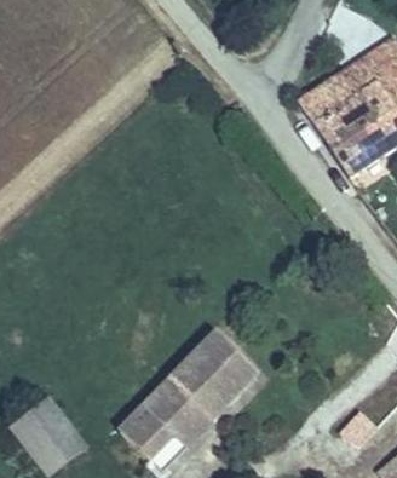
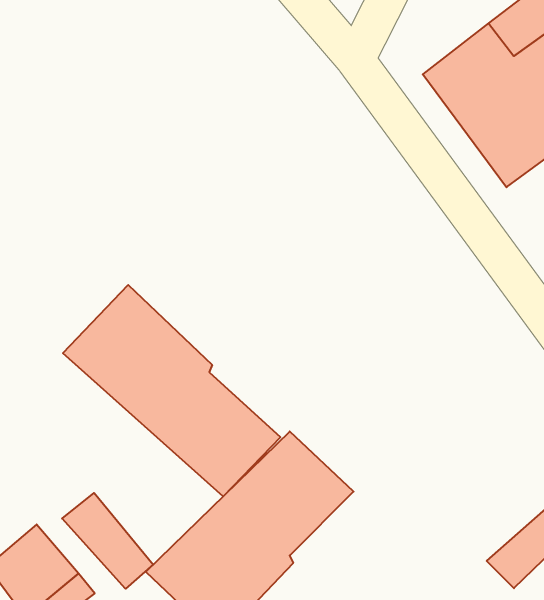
building: none -> [63,285,280,496]
building: none -> [62,493,153,589]

